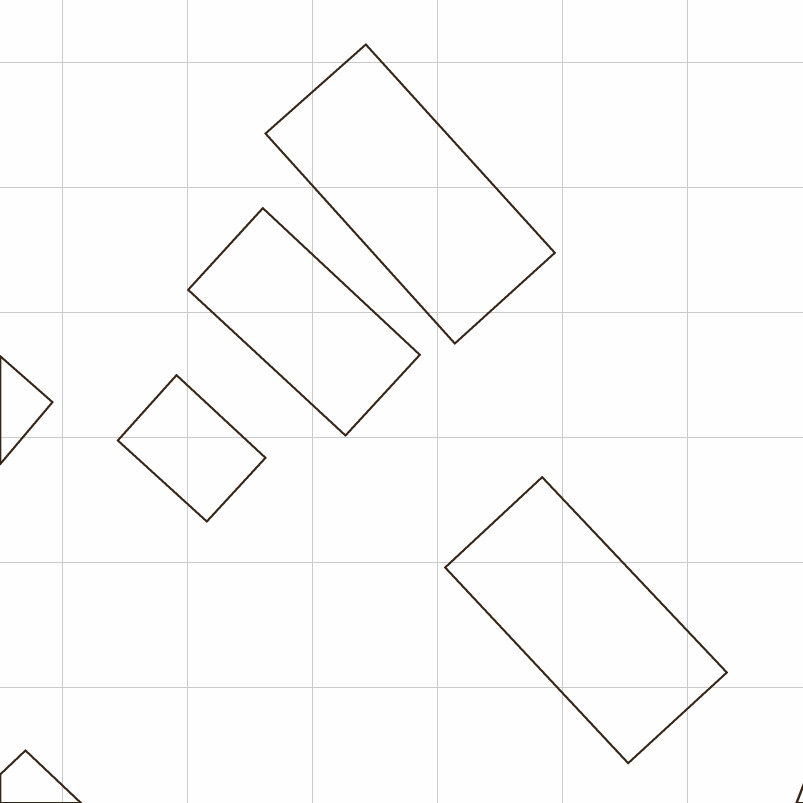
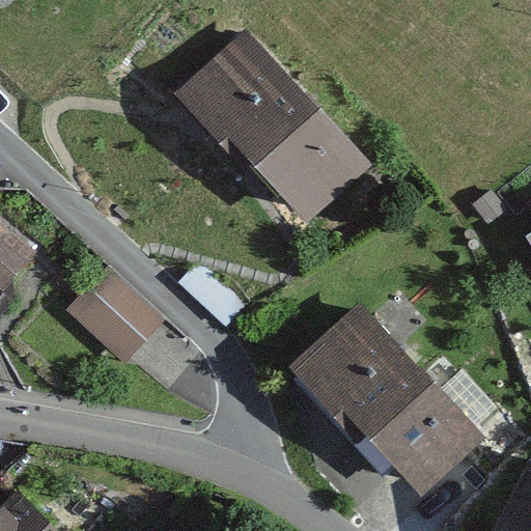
building: [188,208,420,435] -> none

